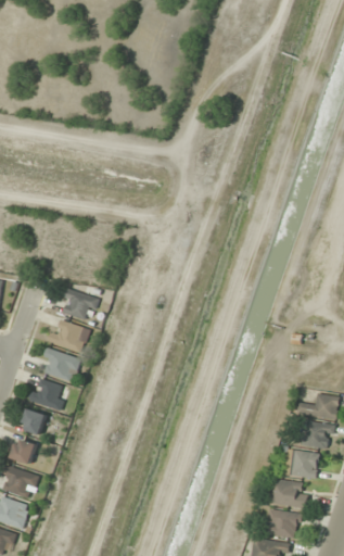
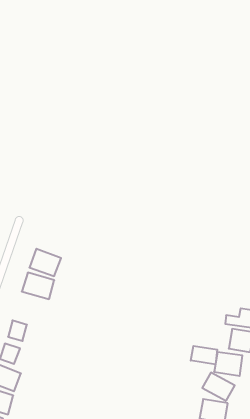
building: [59,287,98,321] -> none
building: [29,377,65,410] -> none
building: none -> [191,346,217,365]

